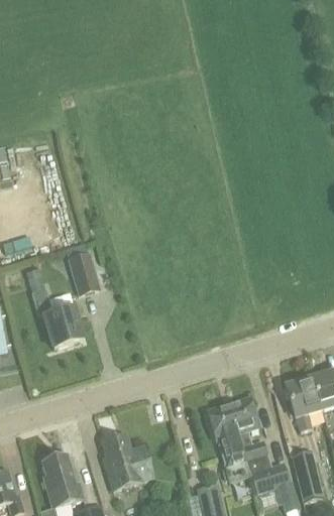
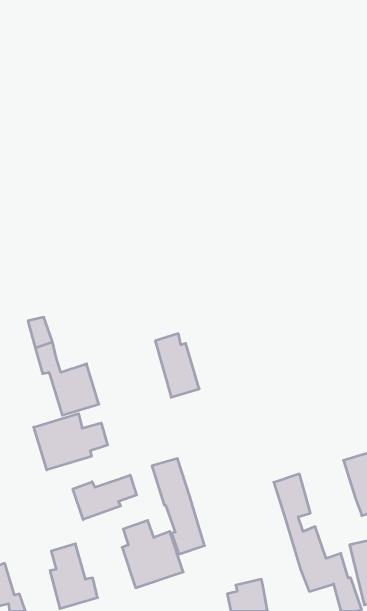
building: [65,243,101,295] -> [155,334,199,397]
building: none -> [34,414,108,470]
building: none -> [73,475,137,520]
building: [207,403,250,482] -> [152,459,205,554]

